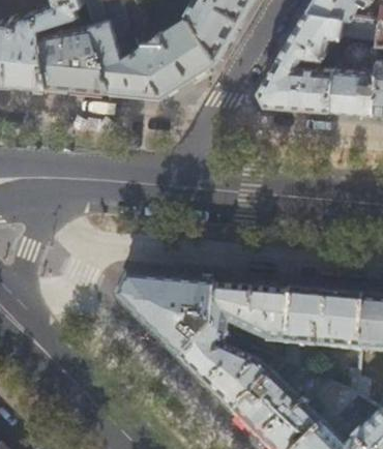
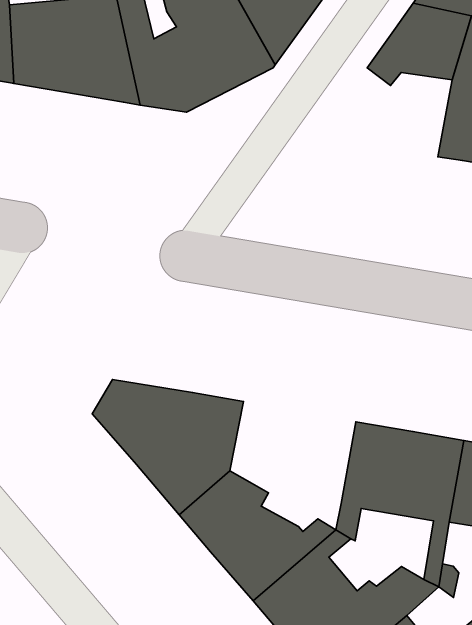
building: [261,56,338,111] -> none
building: [213,283,294,346] -> none

